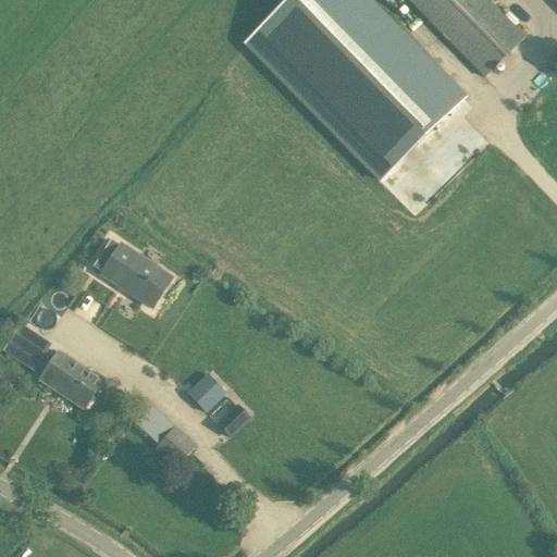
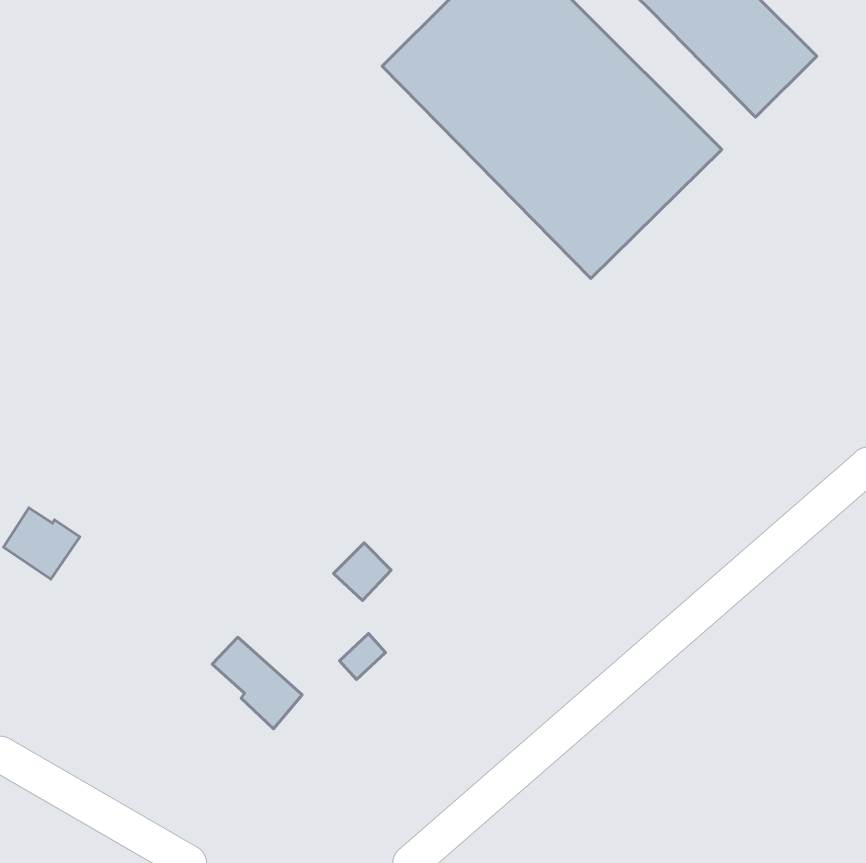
building: [92,238,174,309] -> none
building: [40,349,103,407] -> none
building: [187,375,224,412] -> [334,543,391,601]

